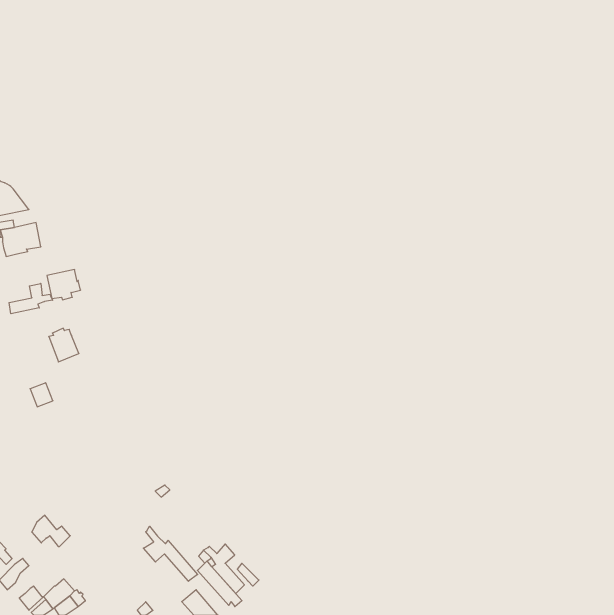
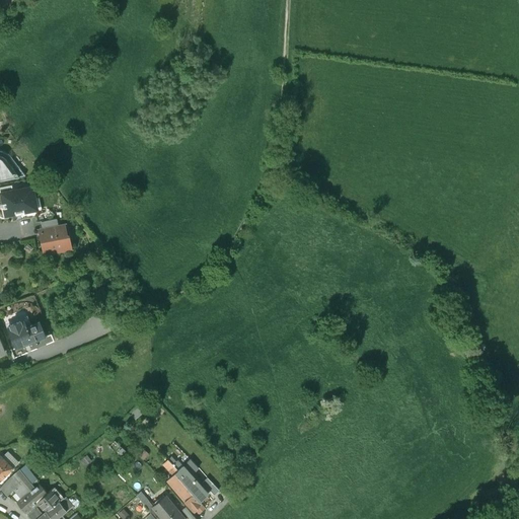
building: [9,283,53,314] -> none
building: [49,328,79,362] -> [6,321,31,350]
building: [32,515,70,547] -> [13,476,46,503]
building: [143,526,198,581] -> none

